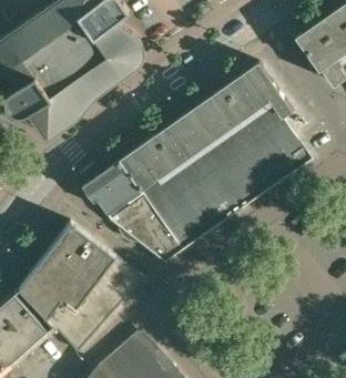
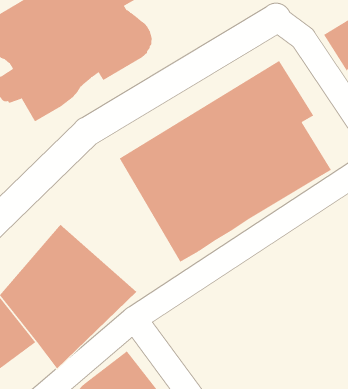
building: [84,161,181,262] -> none

